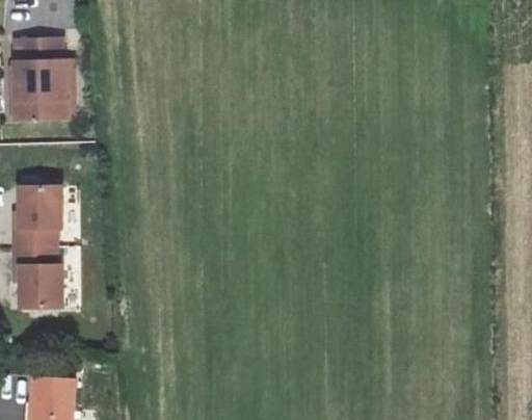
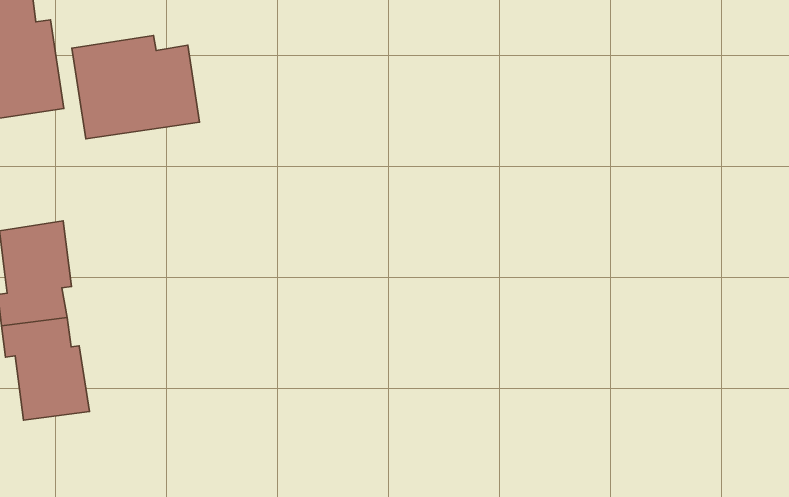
building: none -> [72,36,200,139]

